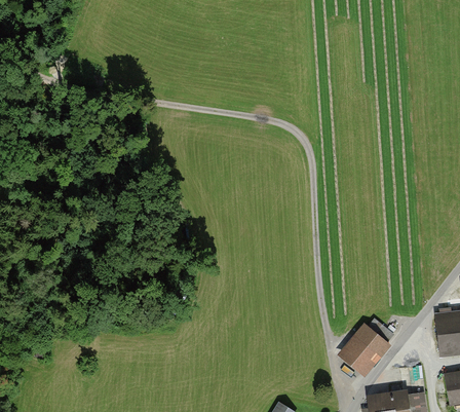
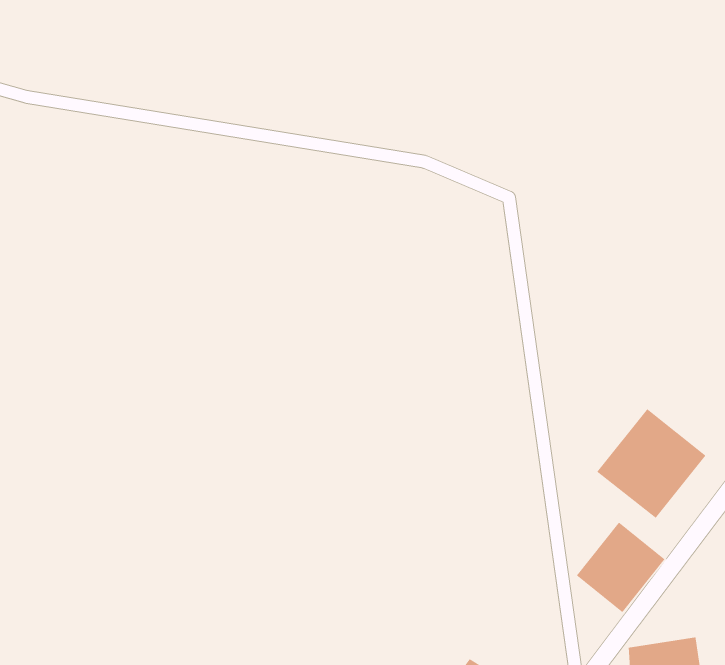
building: none -> [596,408,706,519]

